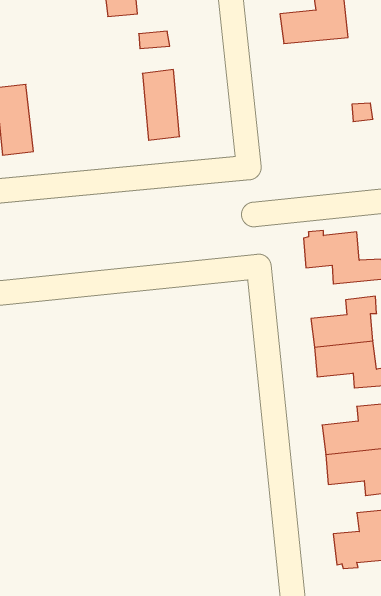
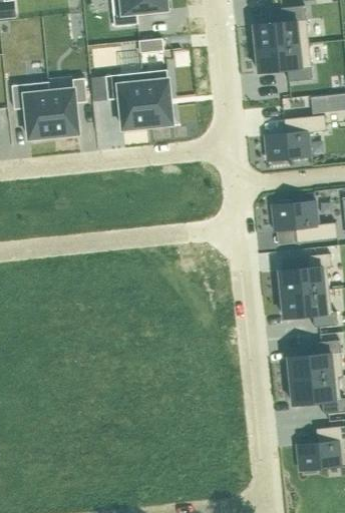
building: none -> [256,43,312,81]
building: none -> [104,72,146,128]
building: none -> [47,77,86,135]
building: none -> [264,114,326,163]

